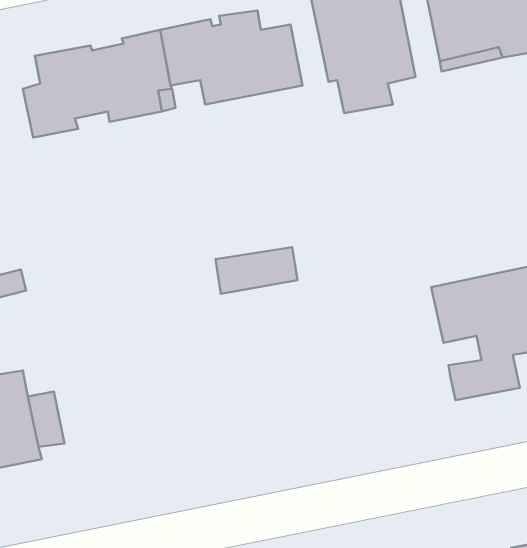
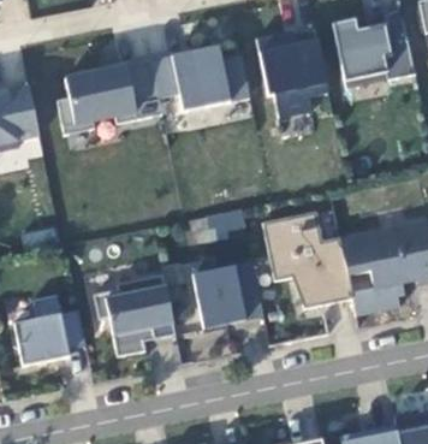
building: none -> [262,212,352,308]
building: none -> [192,262,263,332]
building: none -> [94,273,176,356]

